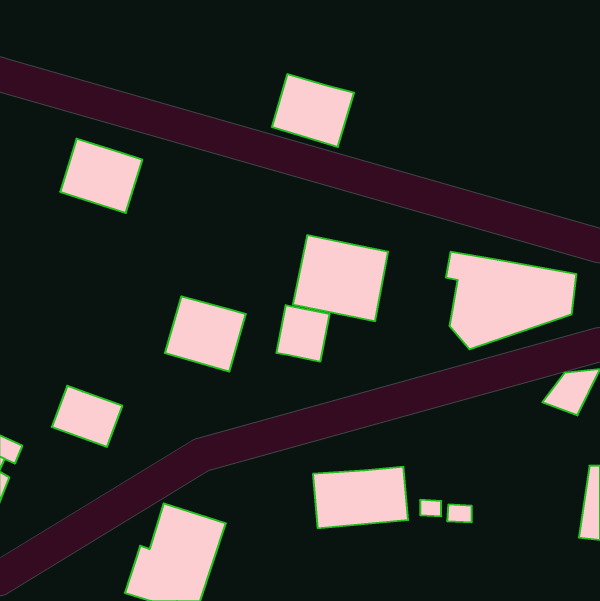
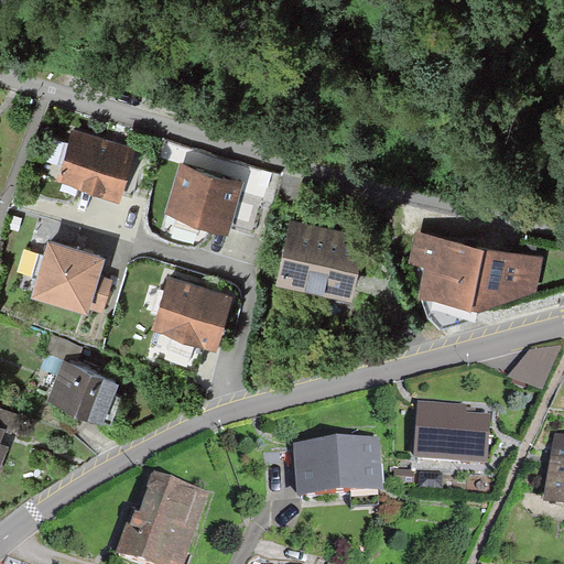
building: [272,74,354,147] -> [165,163,242,231]
building: none -> [29,240,111,314]
building: [276,305,329,362] -> none
building: none -> [415,401,491,460]

